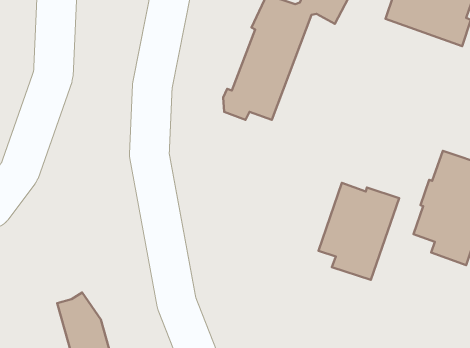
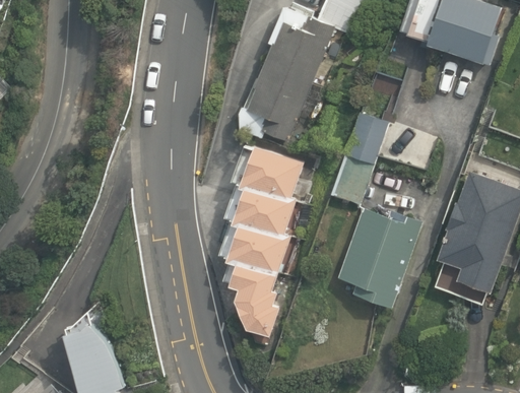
building: none -> [331,113,388,204]
building: none -> [220,144,304,337]

